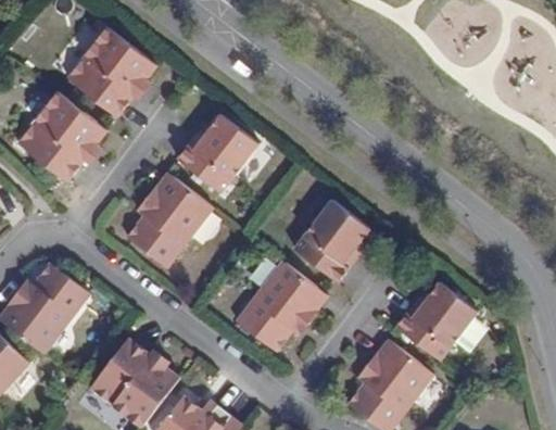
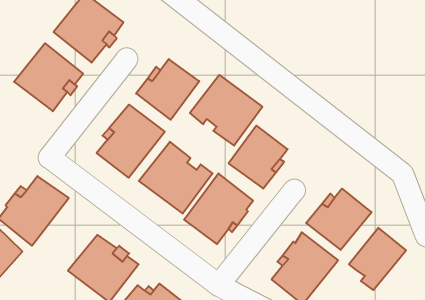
building: none -> [190,75,262,146]
building: none -> [139,142,213,214]
building: none -> [349,228,406,290]

